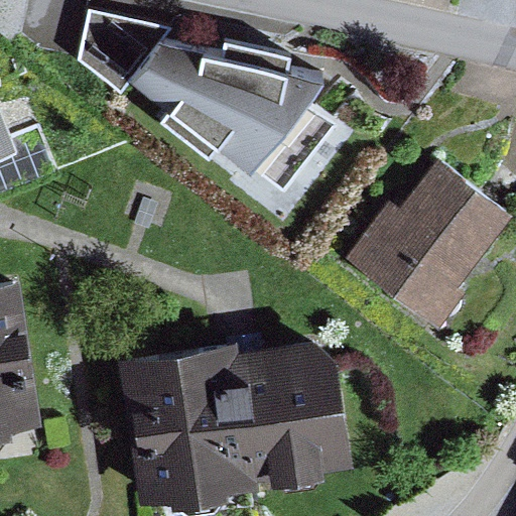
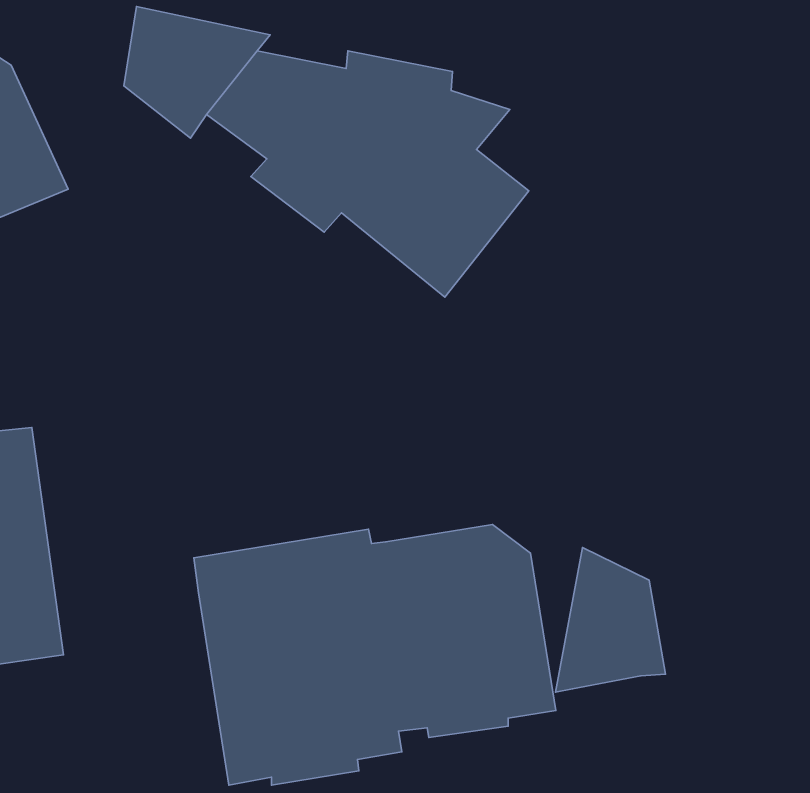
building: [346,158,510,328] -> none
building: none -> [555,547,665,692]

